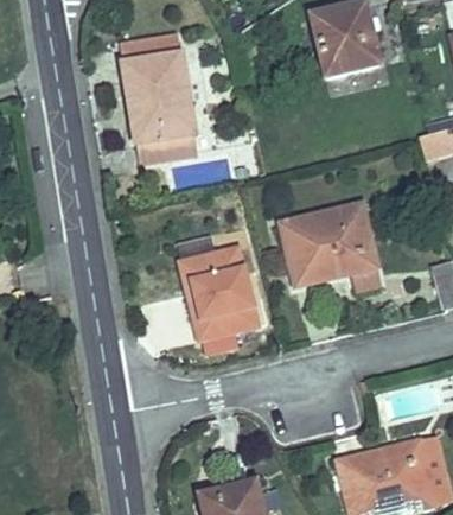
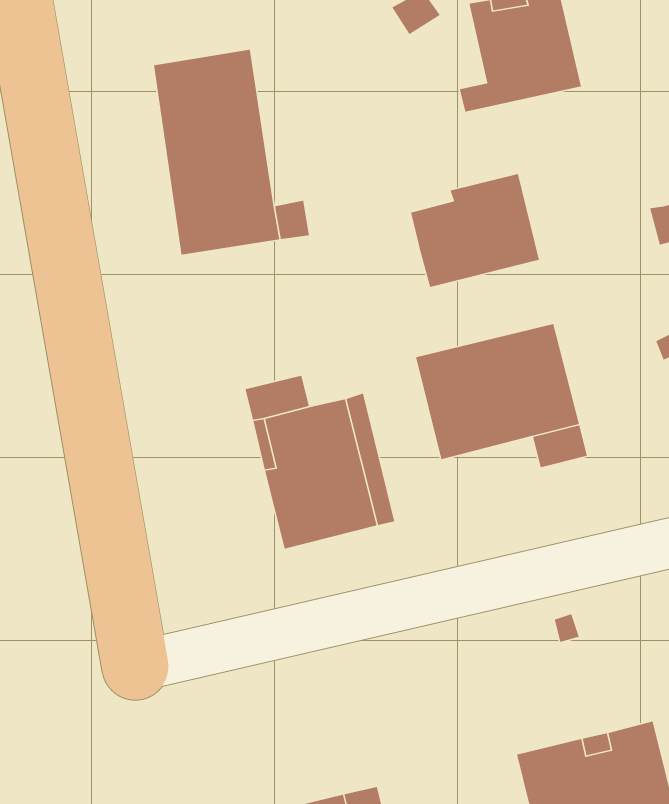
building: none -> [410,173,540,288]

